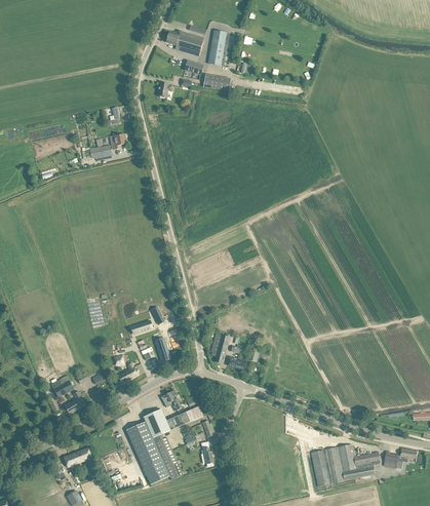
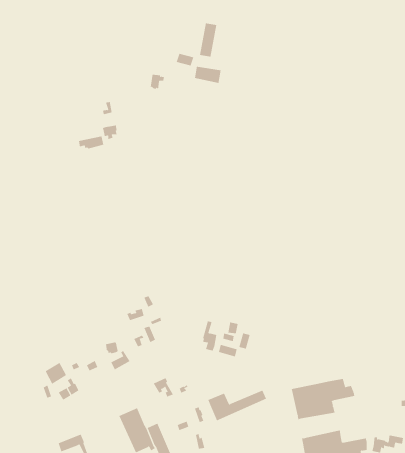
building: [165,31,203,55] -> none
building: none -> [291,378,355,420]
building: [143,405,203,437] -> [207,390,267,421]

